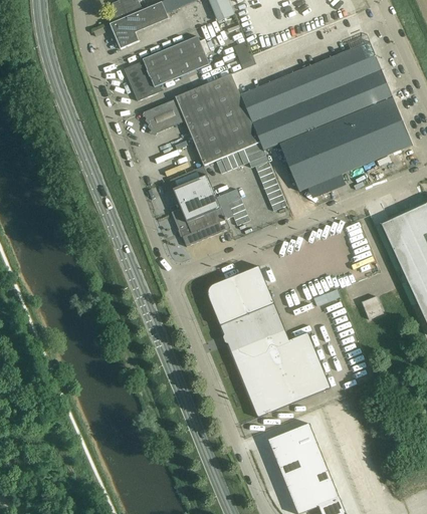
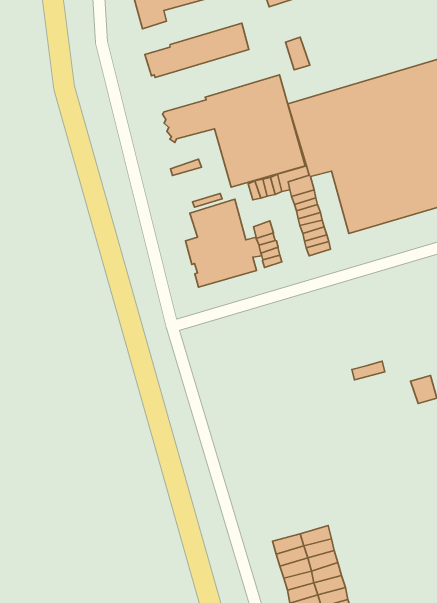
building: [132,55,209,100] -> none
building: [208,265,331,417] -> none

